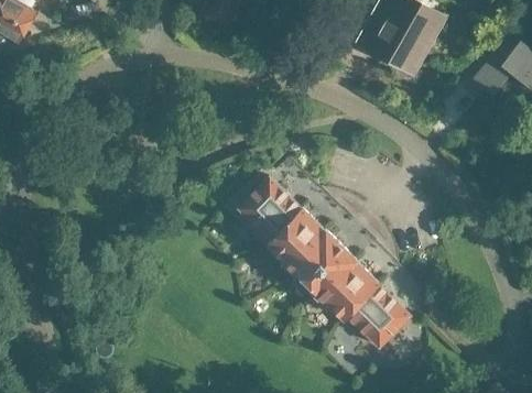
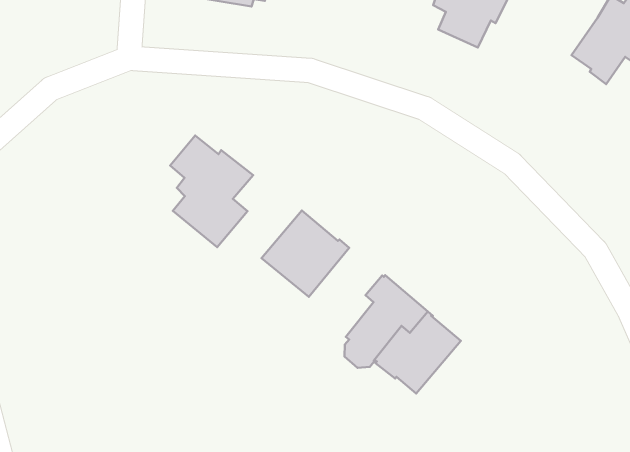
building: none -> [170,135,253,247]
building: [267,207,323,271] -> none
building: [340,281,410,348] -> none

